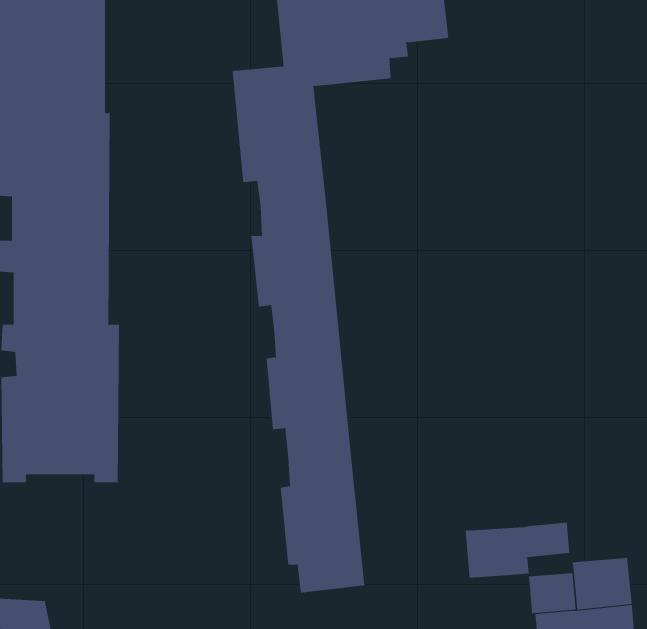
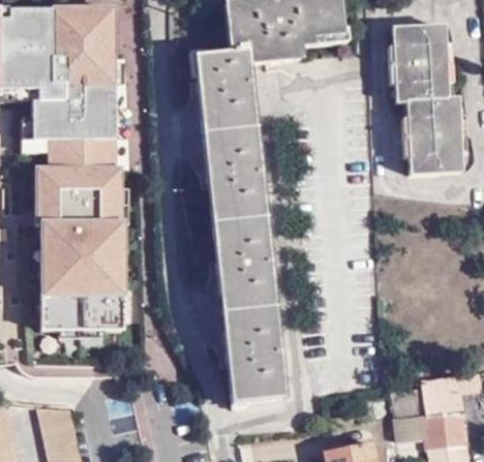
building: none -> [387,26,458,179]
building: [465,522,570,578] -> none

